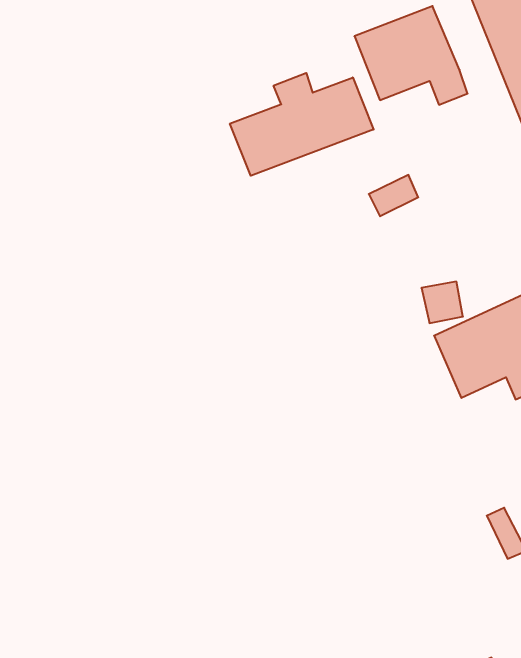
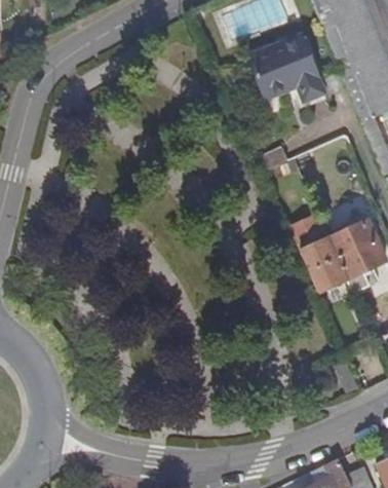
building: [230,73,374,176] -> none

